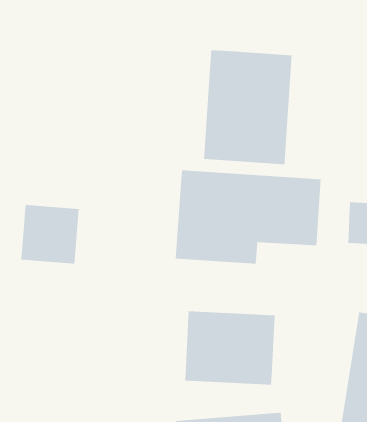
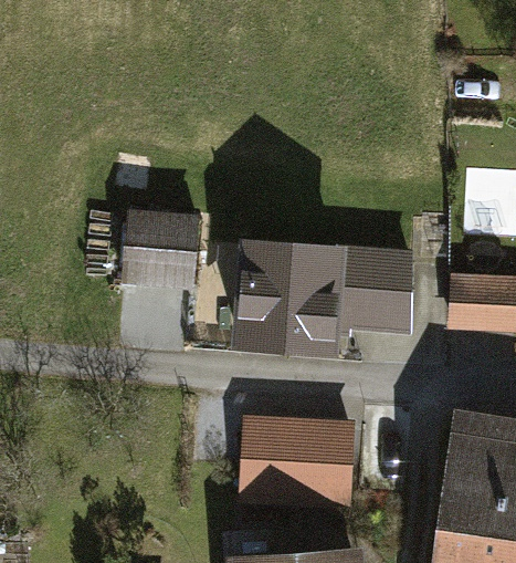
building: [203,49,292,165] -> none
building: [20,204,79,264] -> [120,211,196,288]

